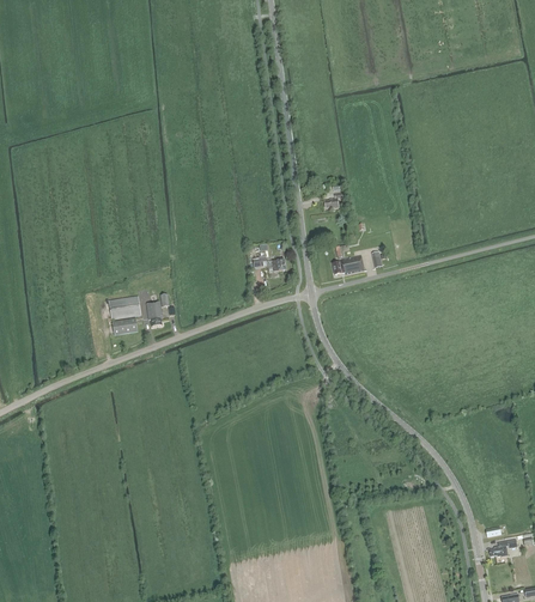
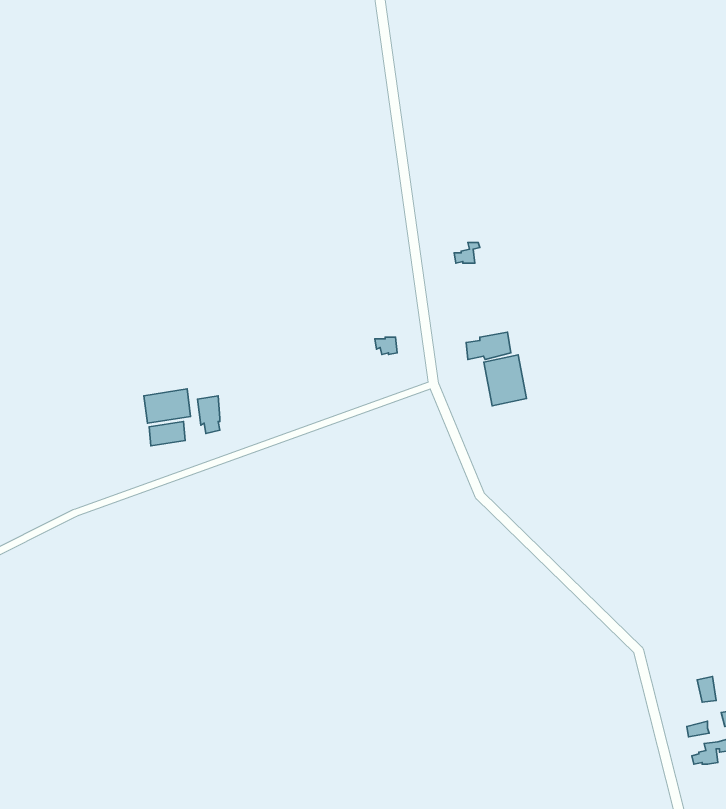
building: none -> [484,355,526,406]

